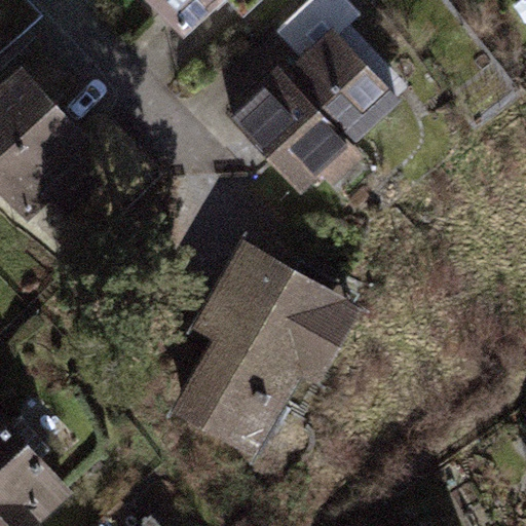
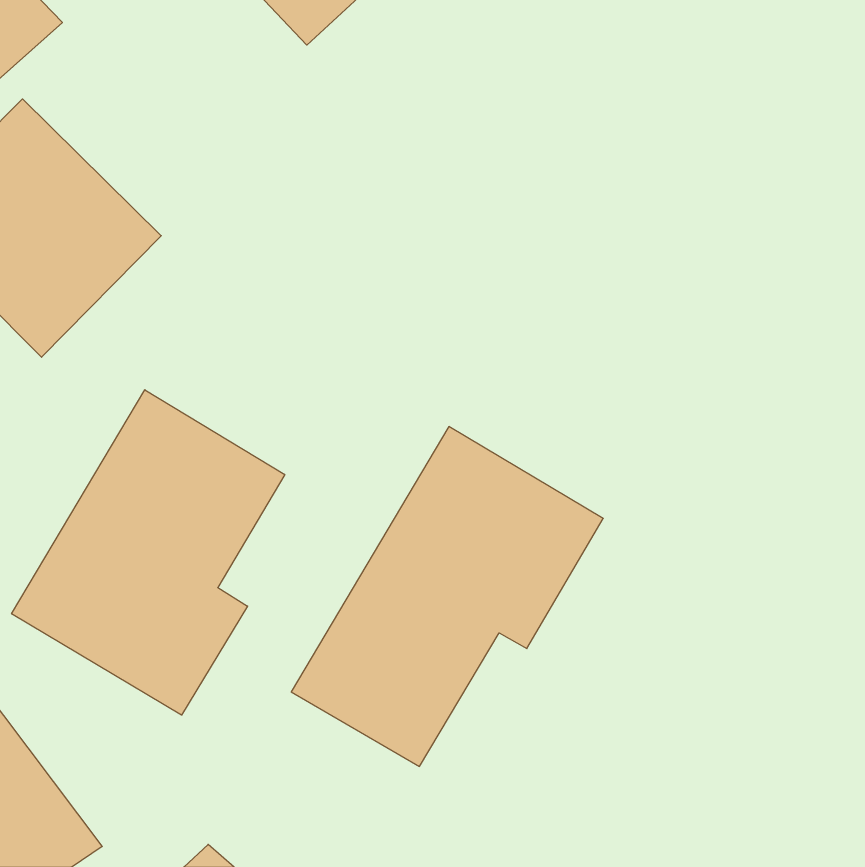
building: [231,21,396,183] -> none
building: none -> [12,390,285,715]

